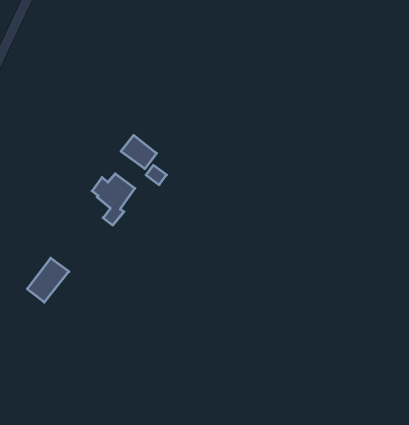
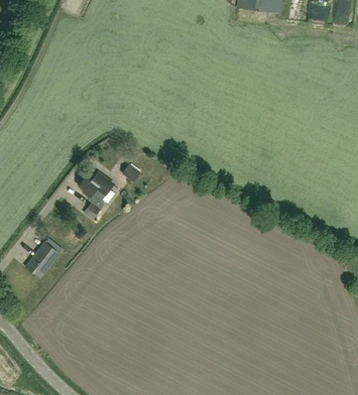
building: [121,135,157,169] -> none

